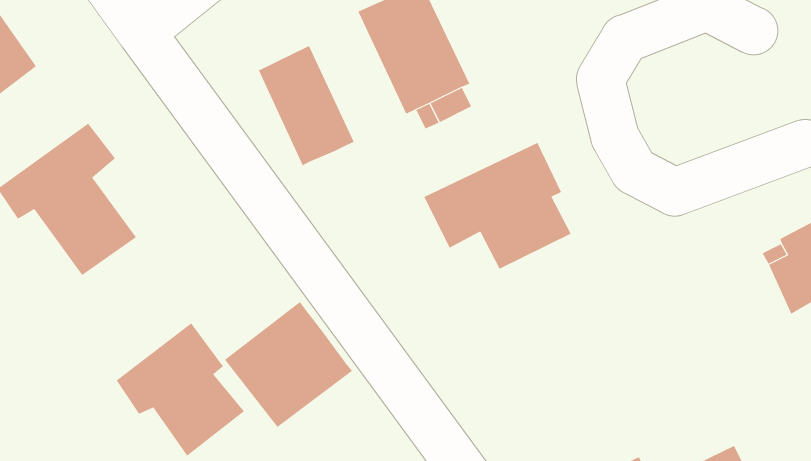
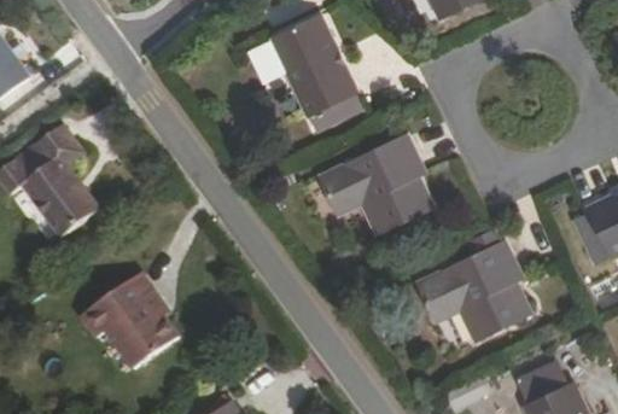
building: [258,45,355,166] -> none
building: none -> [416,233,529,338]
building: [224,301,353,428] -> none

